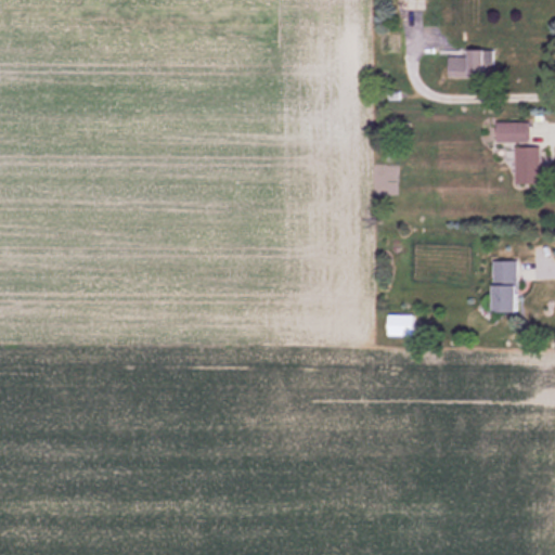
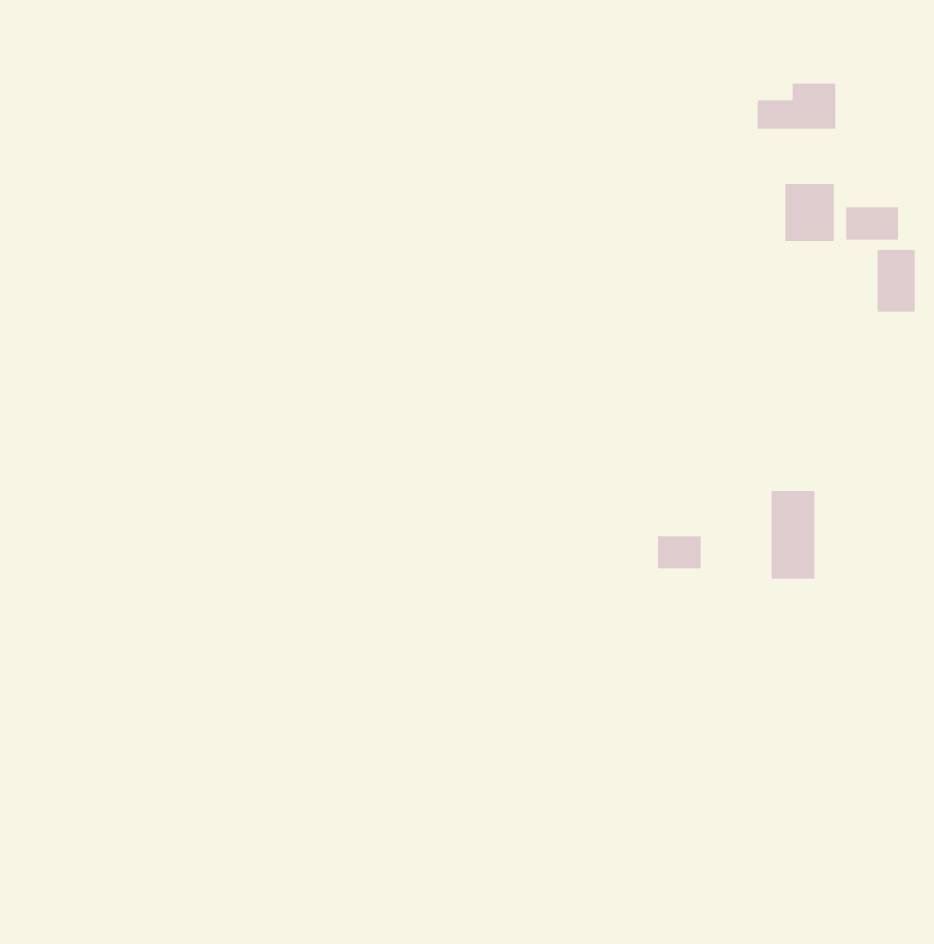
building: none -> [785,183,834,242]
building: [492,259,518,311] -> [771,490,815,579]

